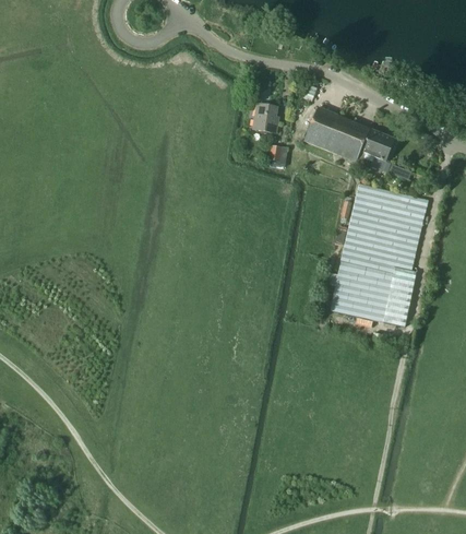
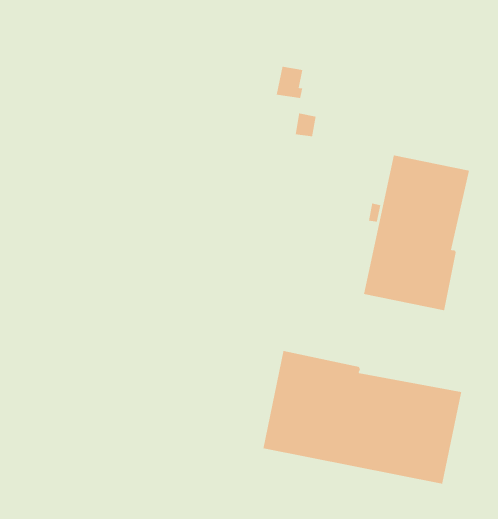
building: [303,107,411,181] -> none
building: none -> [263,350,462,484]

